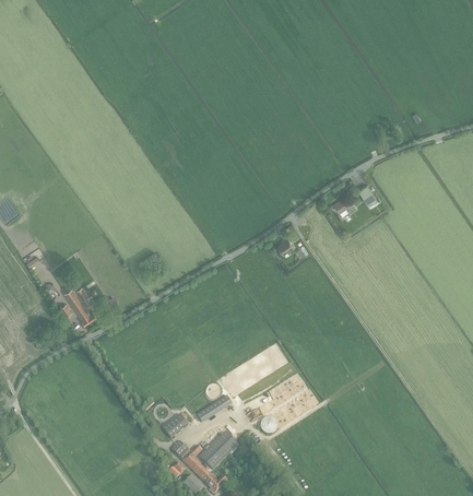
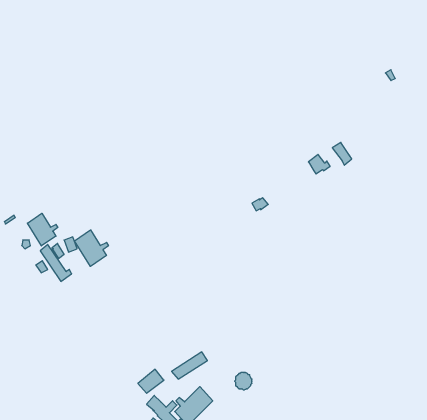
building: none -> [27,213,58,246]
building: none -> [75,230,108,266]

